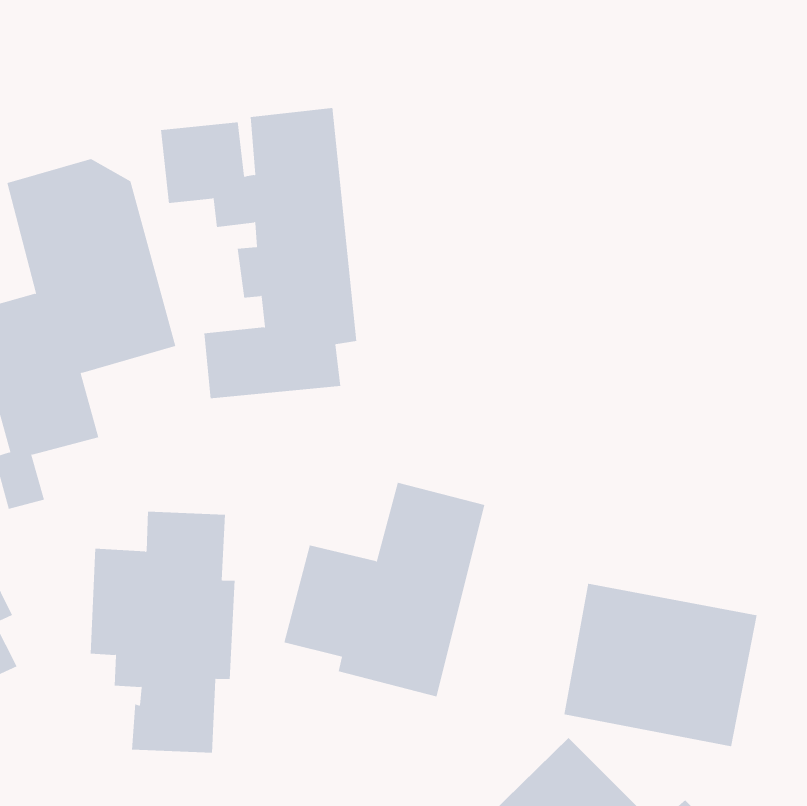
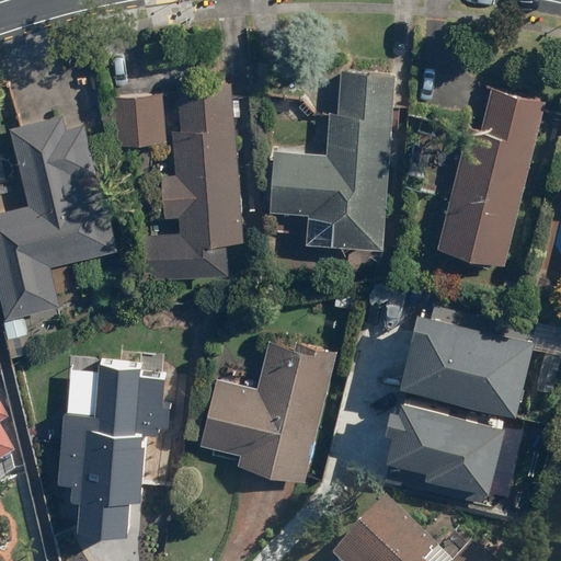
building: none -> [270,70,392,250]
building: none -> [435,90,539,268]
building: none -> [402,318,535,430]

